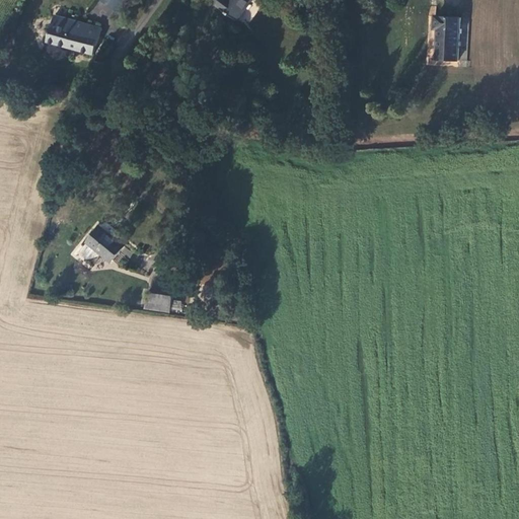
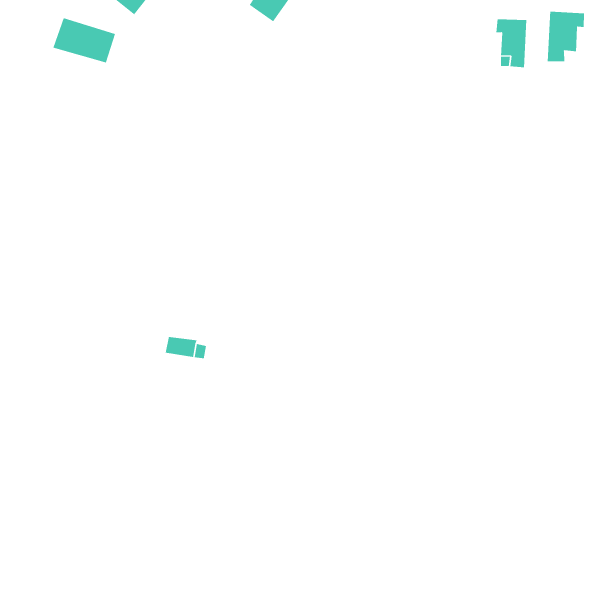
building: none -> [547,11,584,62]
building: [82,226,122,257] -> none

